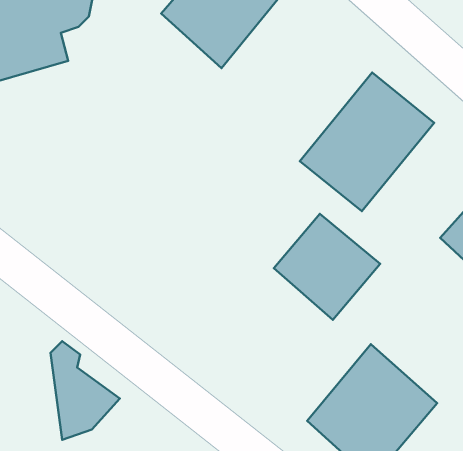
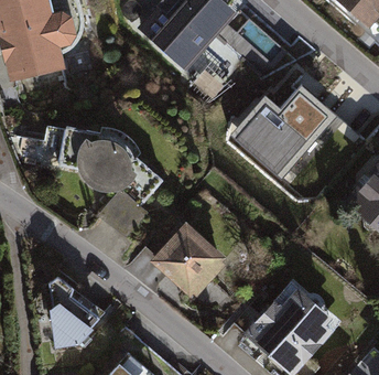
building: none -> [55,125,162,239]
building: [274,214,380,320] -> [149,221,228,300]

